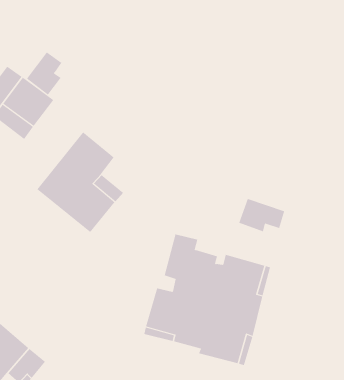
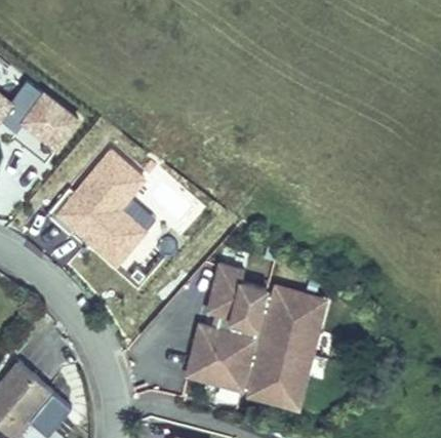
building: [26,52,62,95] -> none
building: [239,198,285,232] -> none

